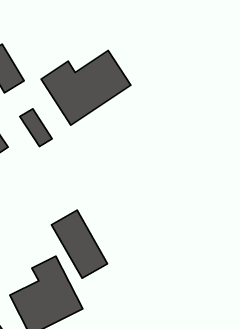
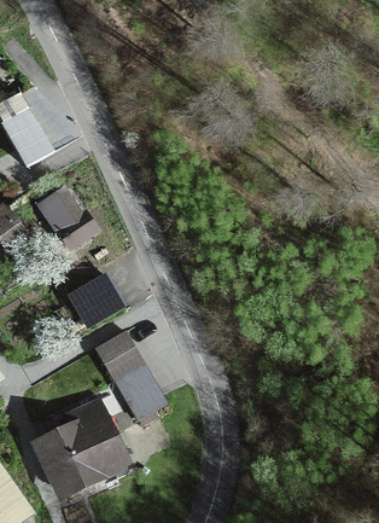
building: [41,50,131,125] -> none
building: none -> [75,269,122,318]

